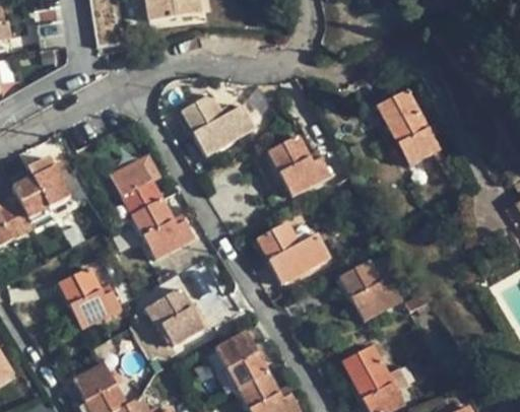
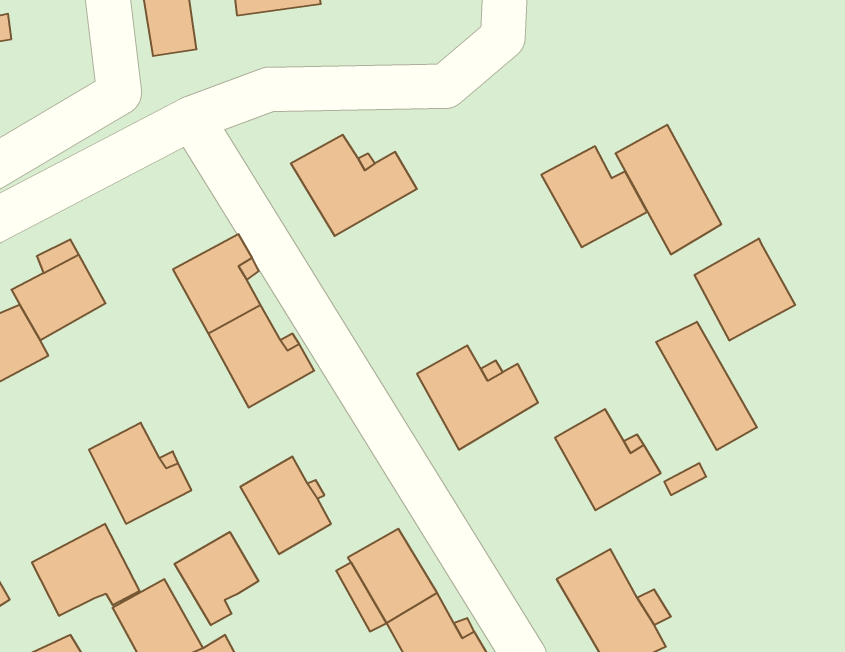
building: [267,135,331,196] -> [541,146,647,247]
building: none -> [695,238,795,341]
building: none -> [656,322,757,450]
building: none -> [32,524,139,616]
building: none -> [175,532,258,625]

